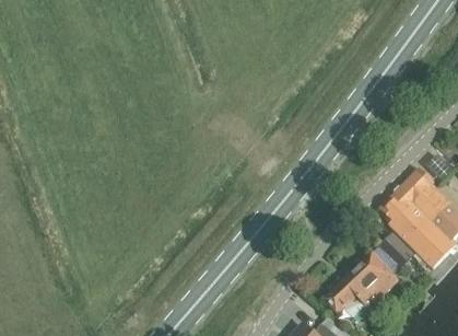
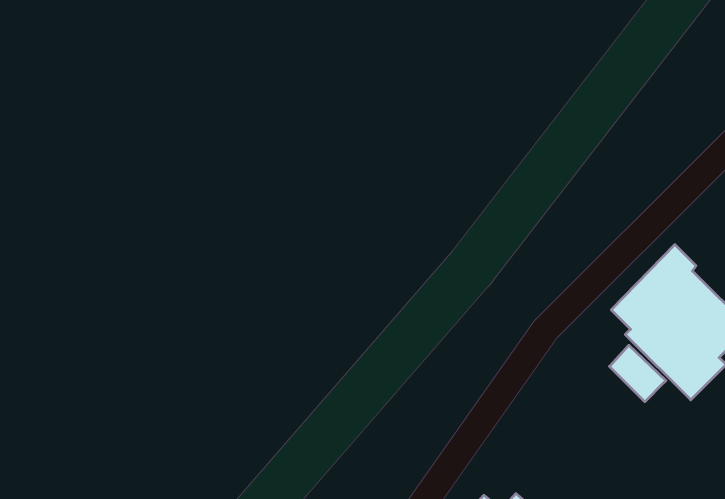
building: [325,252,399,316] -> none

